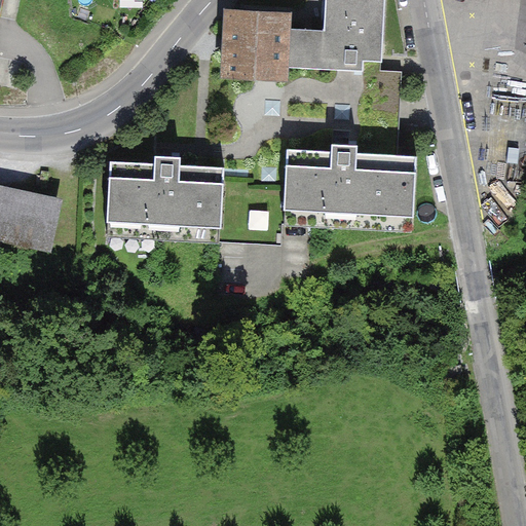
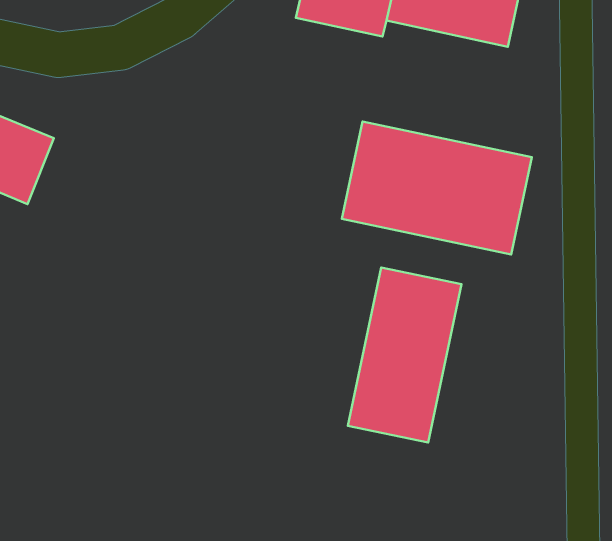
building: [104,160,226,237] -> none
building: none -> [348,267,461,443]

